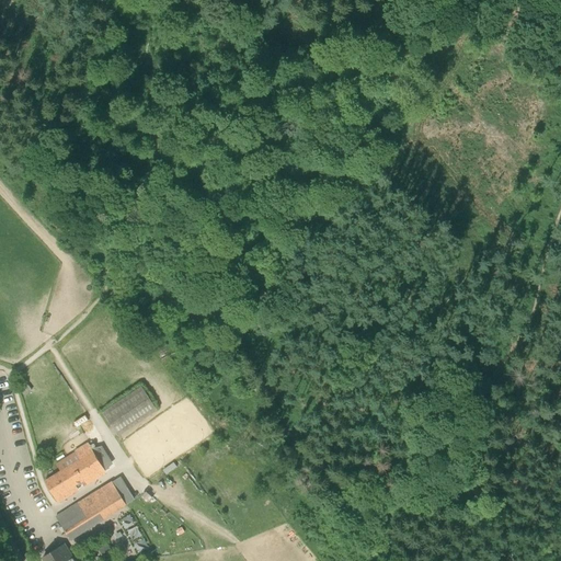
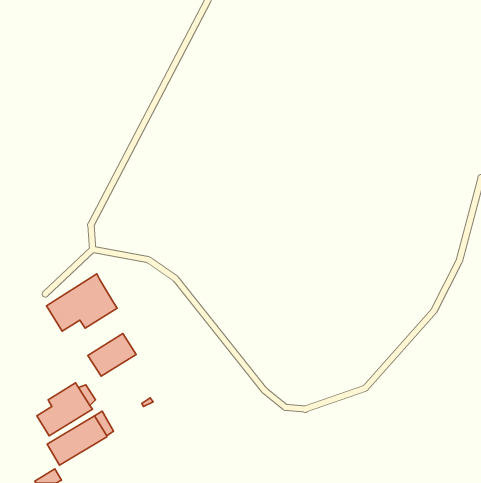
building: none -> [46,274,117,331]

